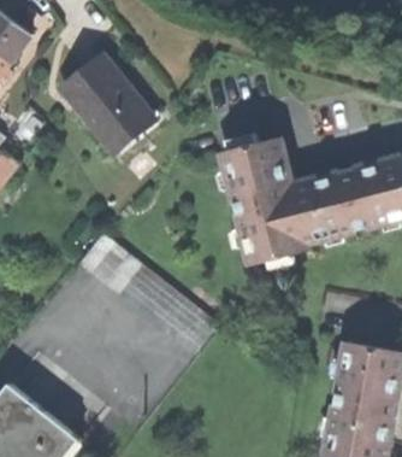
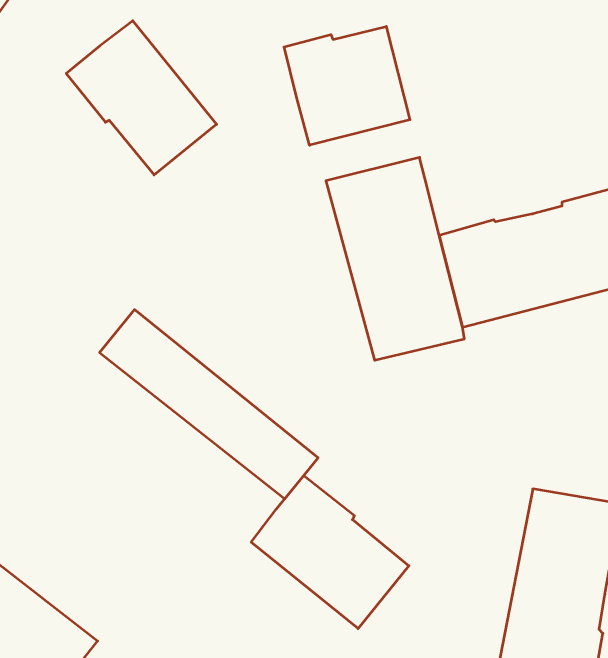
building: none -> [284,26,410,145]
building: none -> [251,475,409,629]

